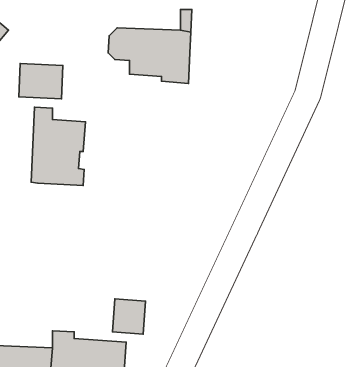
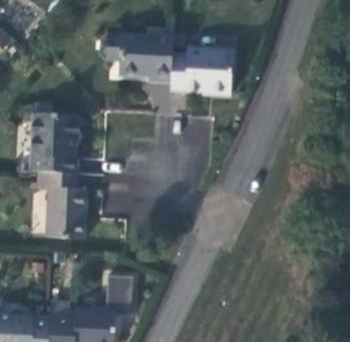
building: none -> [169,48,233,93]
building: [19,63,63,99] -> none
building: none -> [37,172,86,240]

